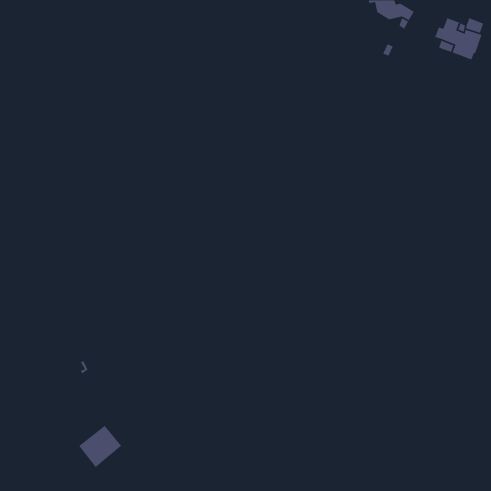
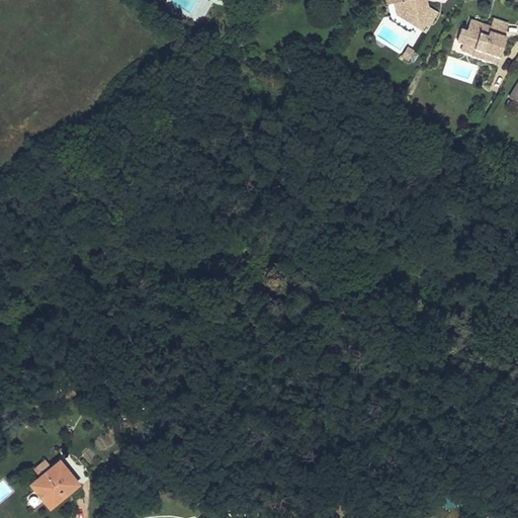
building: [78,425,122,468] -> [32,460,79,506]

